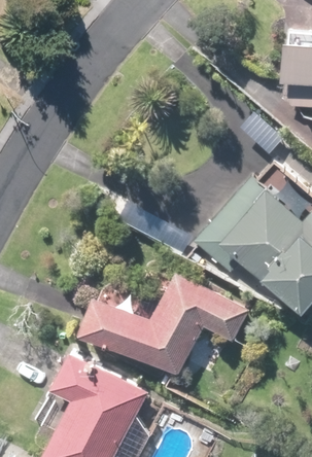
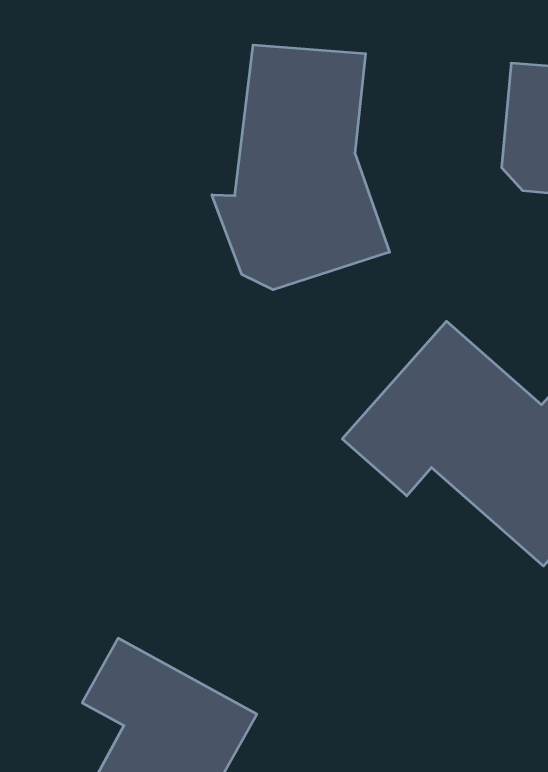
building: none -> [212,45,390,290]
building: [79,272,248,376] -> none

